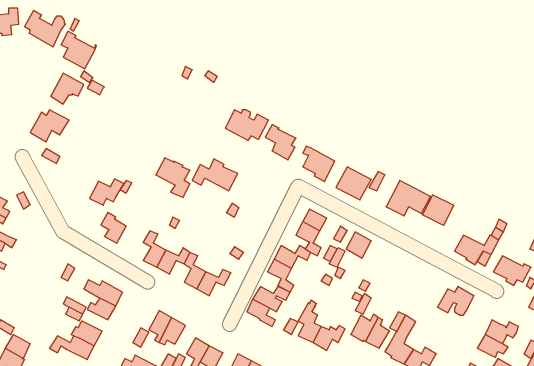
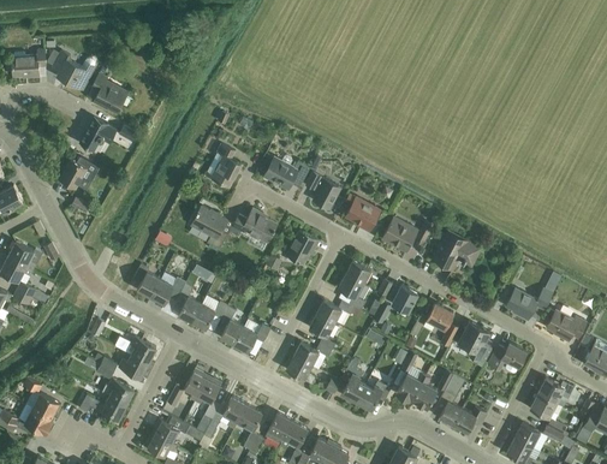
building: none -> [206,144,242,186]
building: [90,179,124,205] -> [150,276,186,304]
building: none -> [286,231,319,264]
building: [422,195,454,225] -> none
building: none -> [427,303,458,346]
building: none -> [459,322,493,363]

